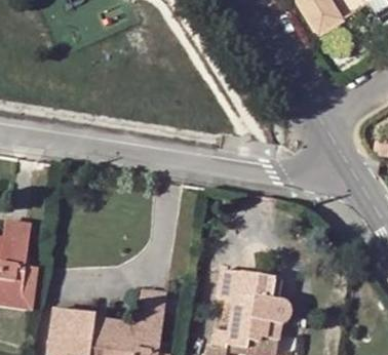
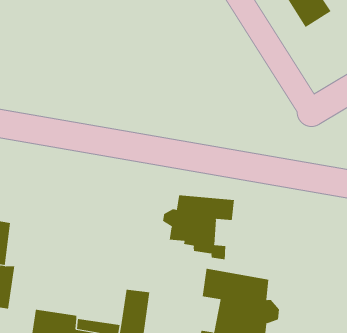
building: none -> [162,194,235,260]

